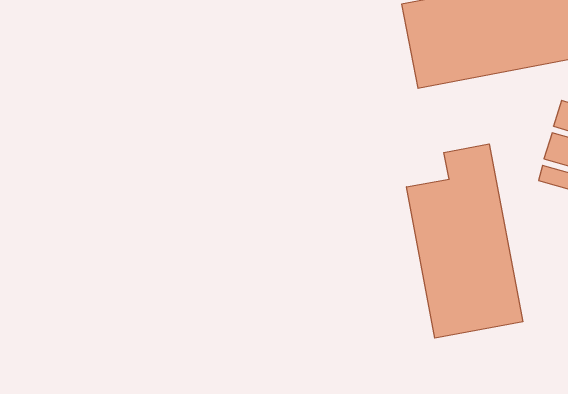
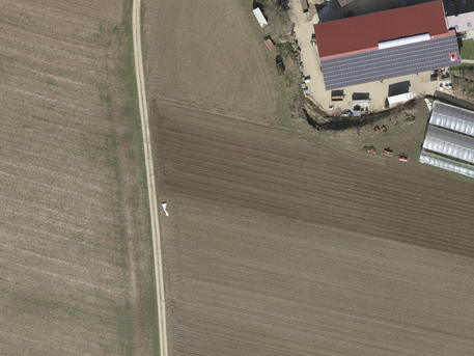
building: [407,144,523,338] -> none

